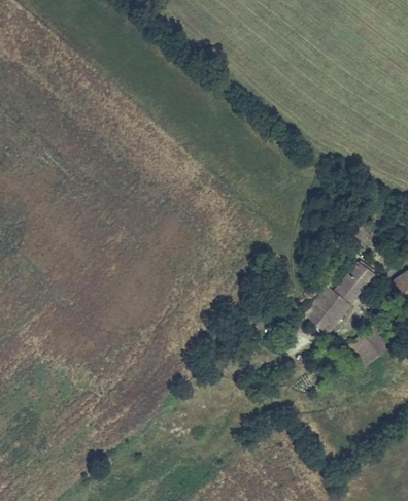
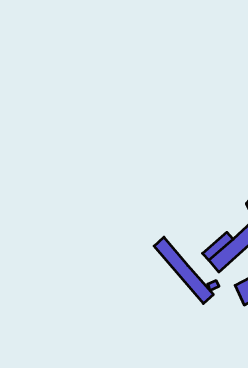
building: none -> [154,237,213,304]

